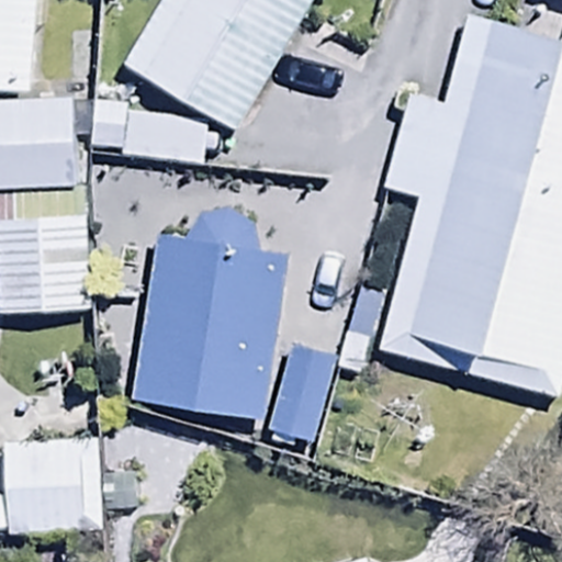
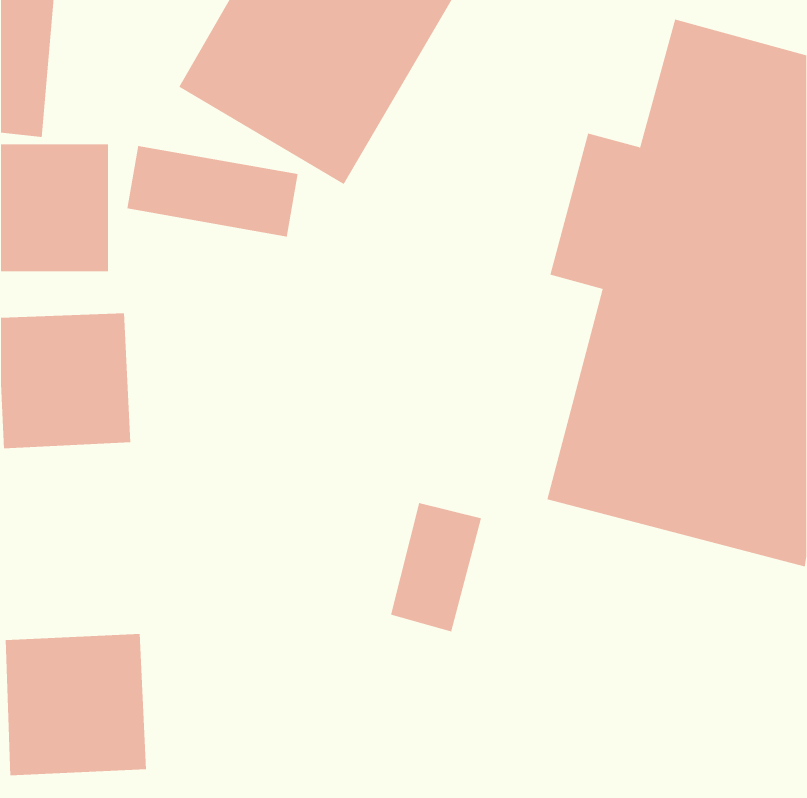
building: [136,200,289,417] -> none

